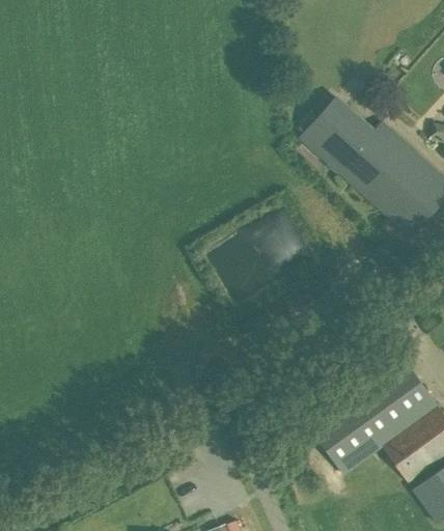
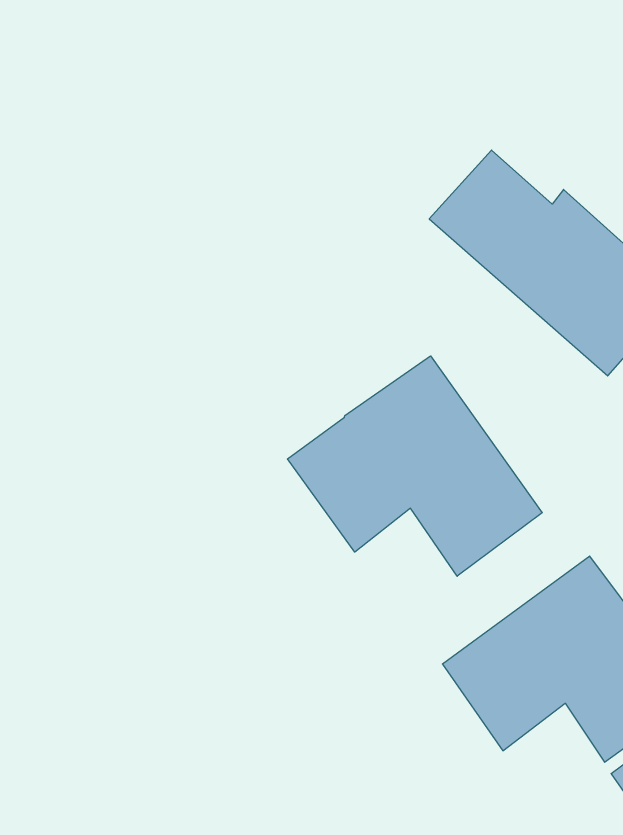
building: none -> [287,356,542,576]

